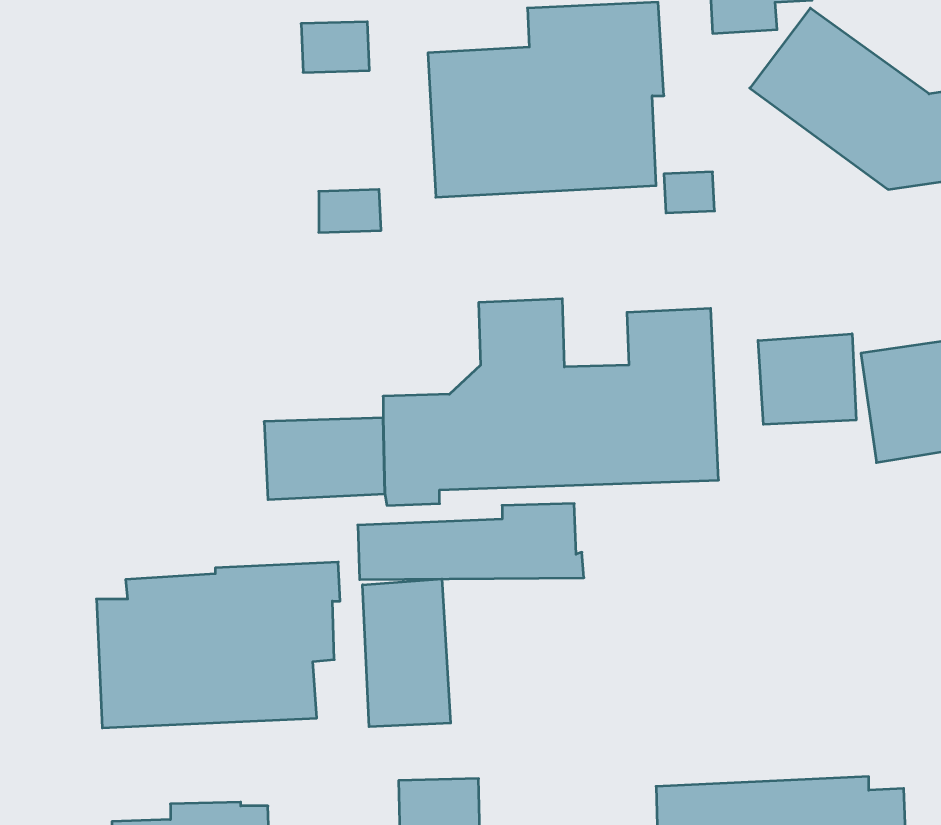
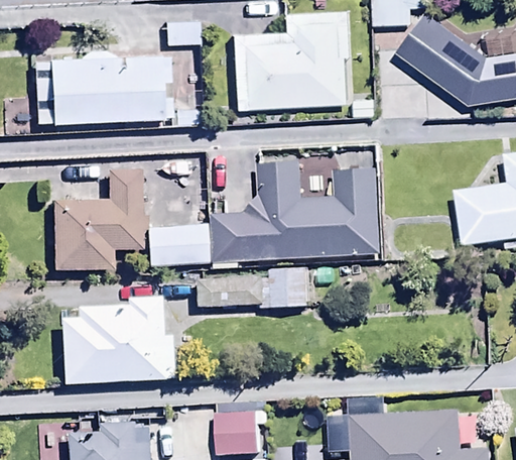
building: none -> [33,54,172,126]
building: none -> [51,169,143,270]
building: [758,334,856,424] -> none
building: [363,579,451,727] -> none

